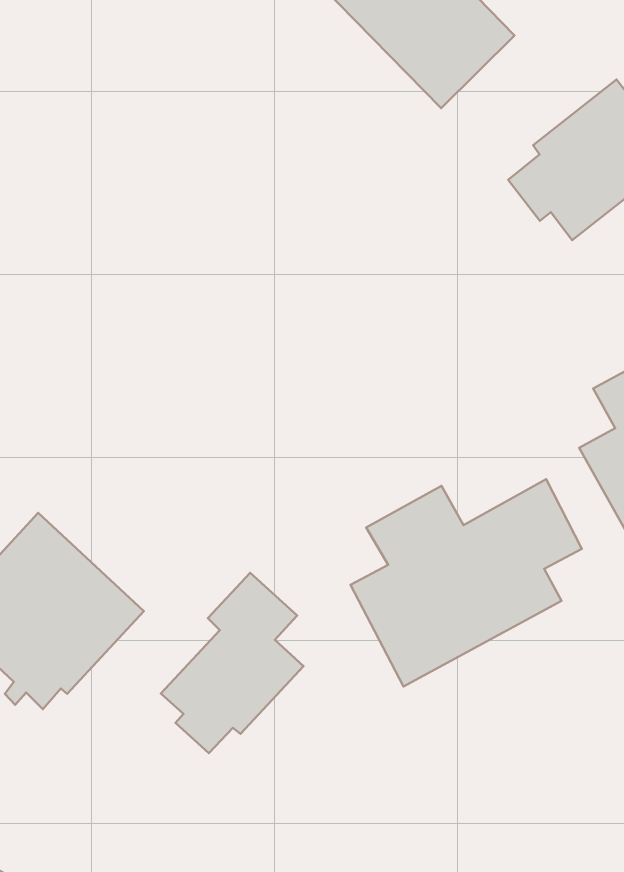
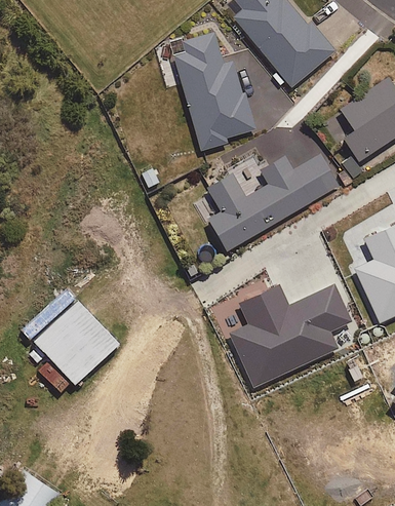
building: none -> [173,31,255,149]
building: none -> [205,153,339,250]
building: [161,573,303,753] -> none

